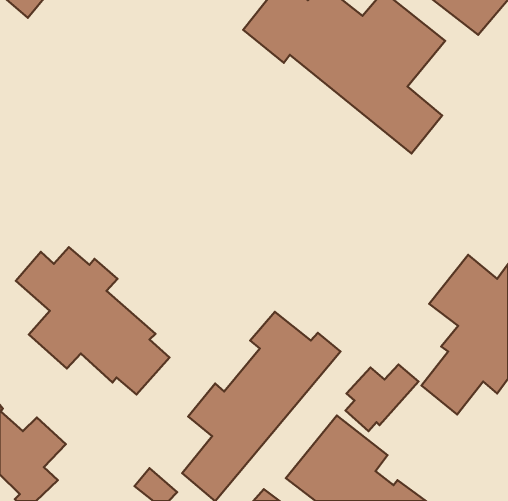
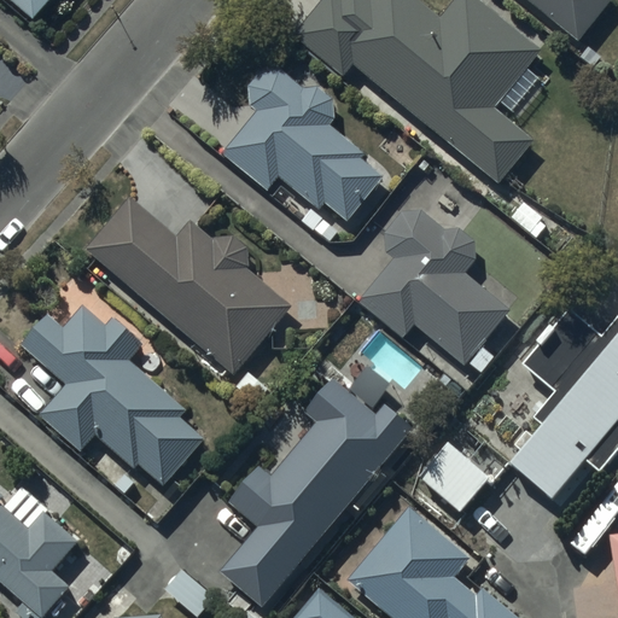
building: none -> [223,70,383,220]
building: none -> [82,194,290,375]
building: none -> [356,209,512,367]

